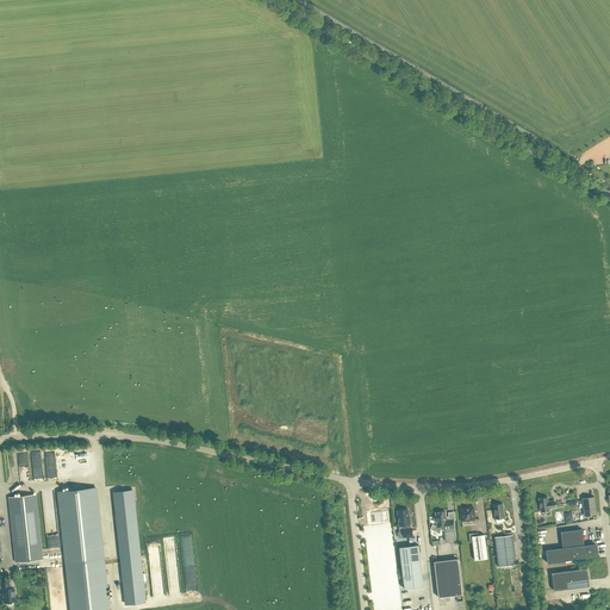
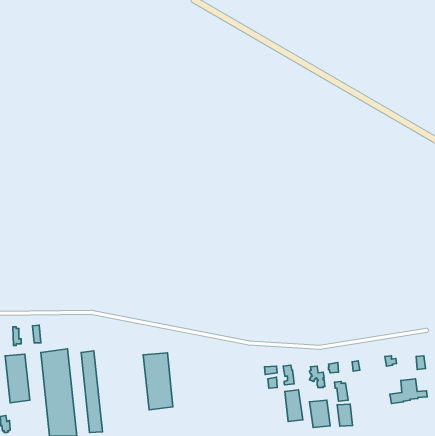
building: none -> [143,353,173,410]
building: [493,535,515,566] -> [337,404,353,426]
building: [550,568,587,590] -> none

